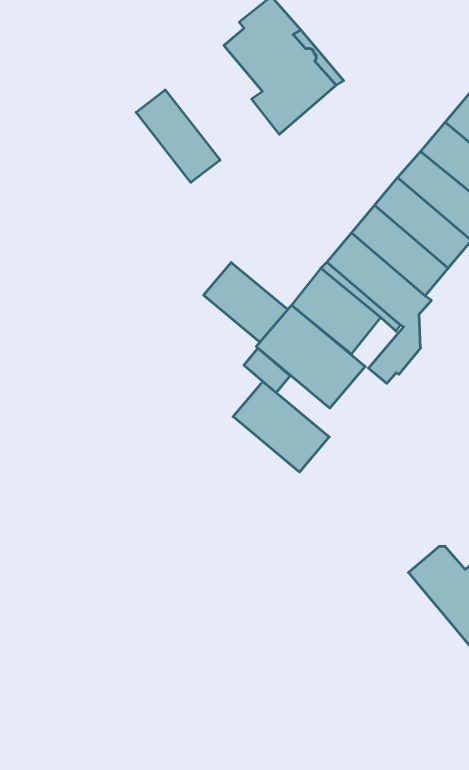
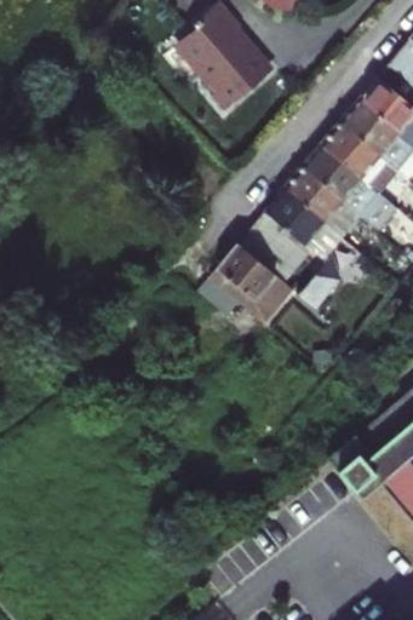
building: [136,90,220,182] -> none
building: [204,262,288,342] -> none
building: [233,382,329,472] -> none

